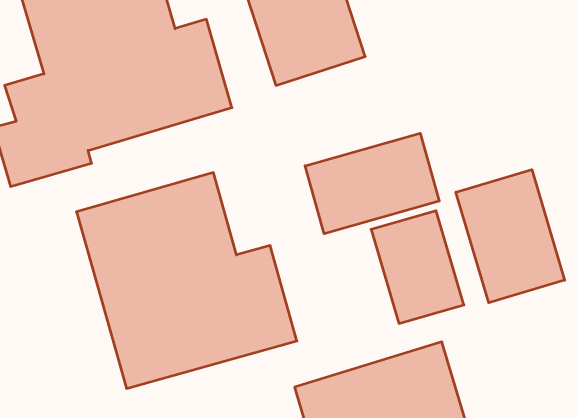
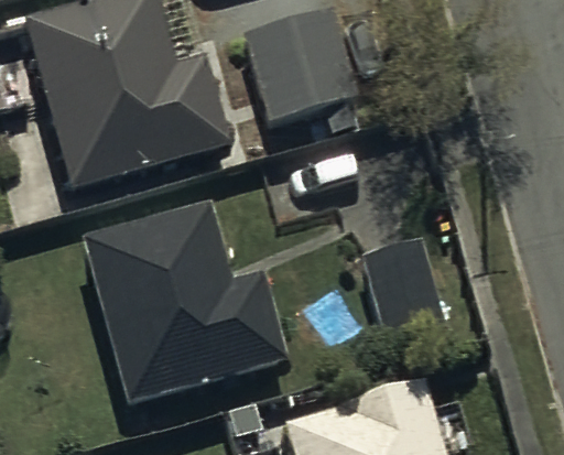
building: [305,133,439,234] -> none
building: [456,170,565,303] -> none

